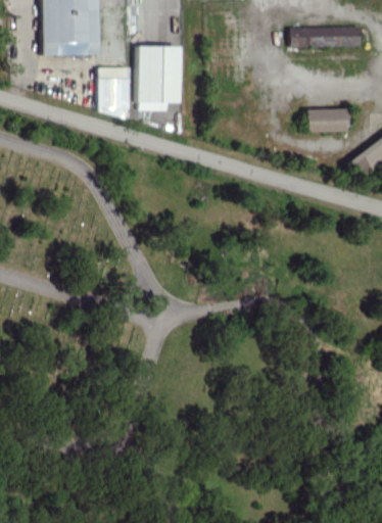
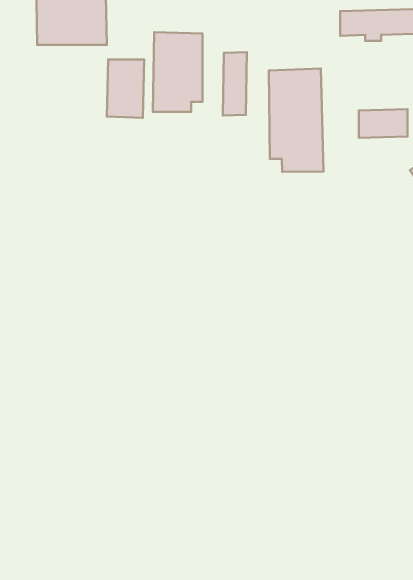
building: none -> [223,52,247,115]
building: none -> [269,69,323,172]

